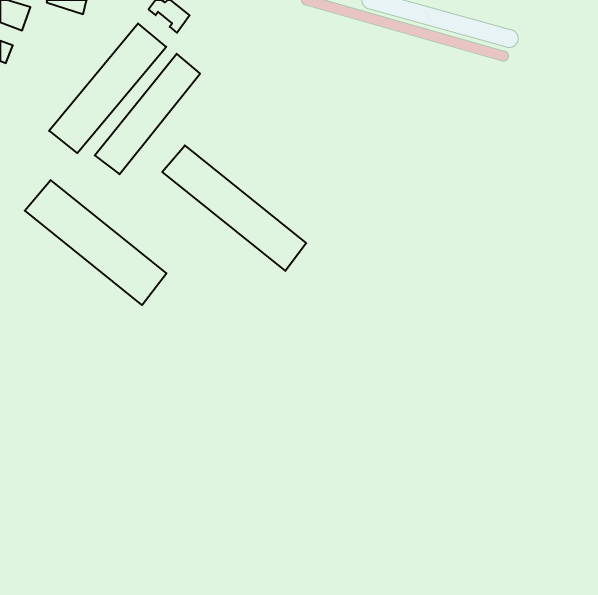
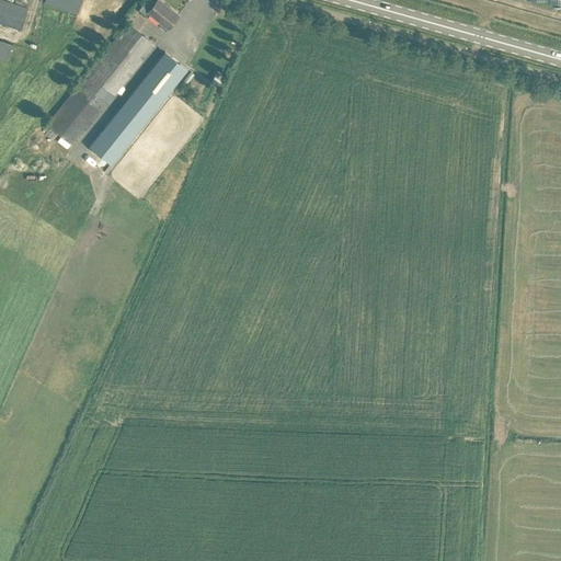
building: [162,145,306,271] -> none
building: [25,180,166,305] -> none

